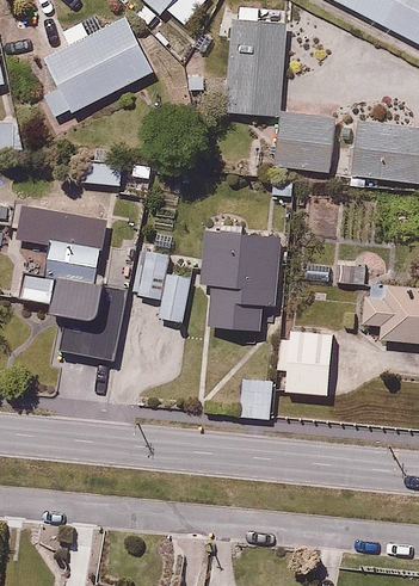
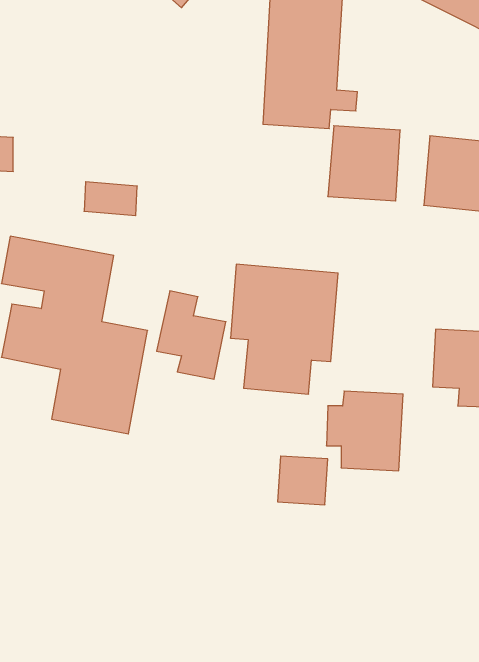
building: [41,18,154,124] -> none

